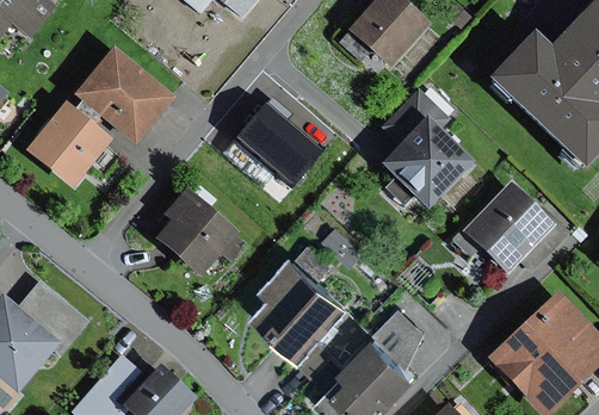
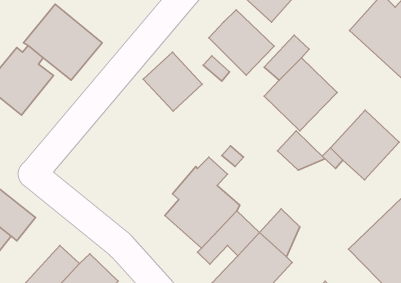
building: none -> [209,10,274,75]
building: [155,187,239,277] -> none
building: none -> [277,131,325,170]

